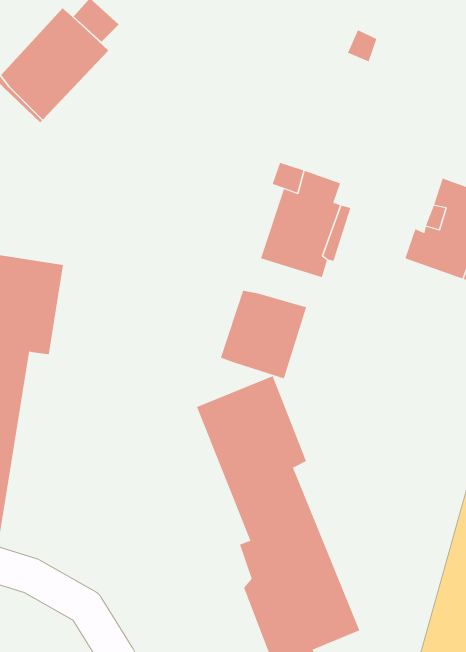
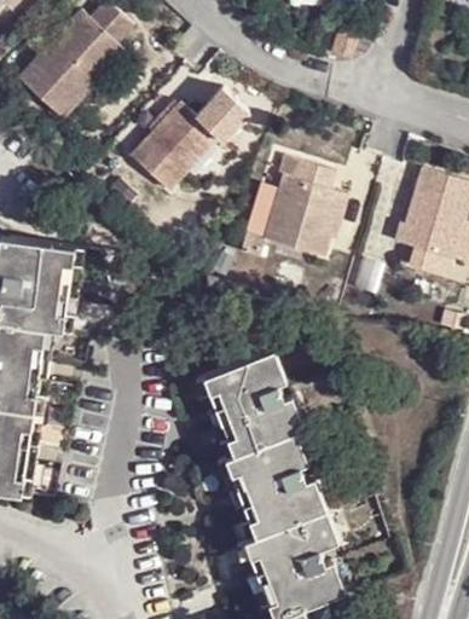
building: none -> [128,102,231,191]
building: [220,290,307,379] -> none

